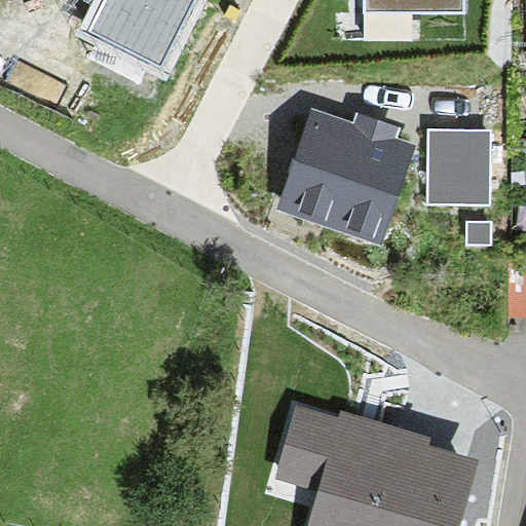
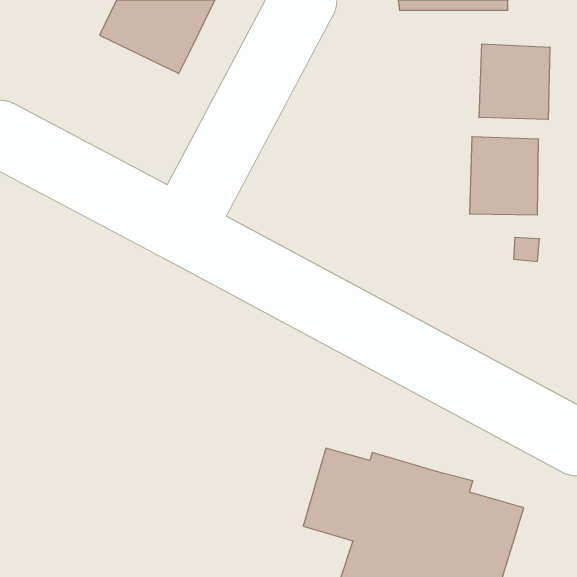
building: none -> [479,44,550,120]
building: [281,108,409,230] -> none

